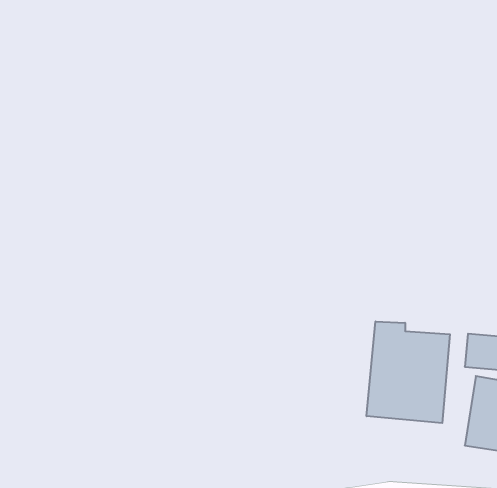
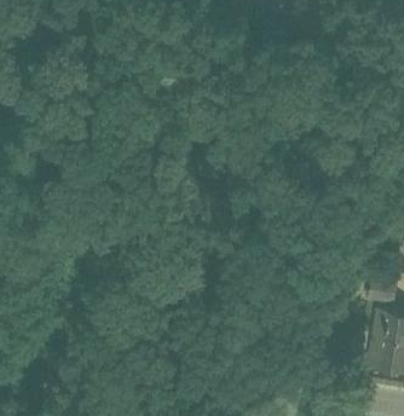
building: [367,321,450,423] -> none

